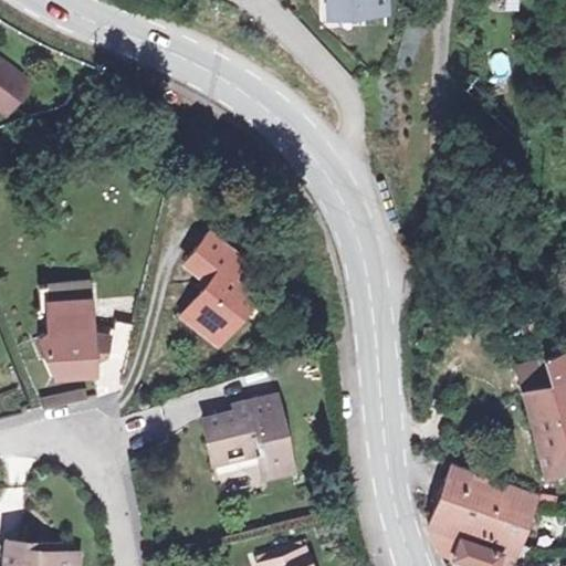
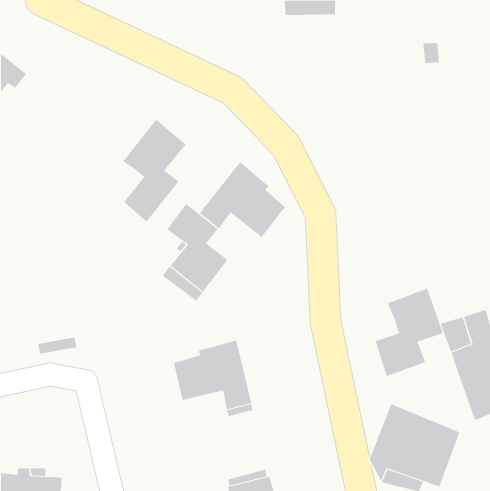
building: none -> [123,119,187,222]
building: none -> [199,161,286,238]
building: [38,284,115,374] -> none
building: none -> [375,288,443,377]

